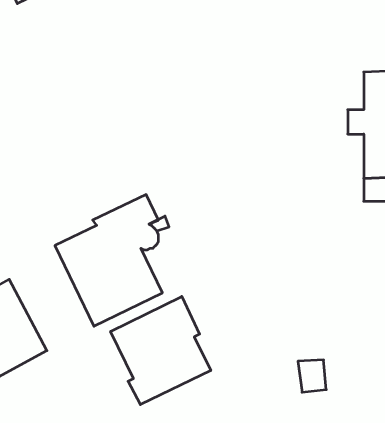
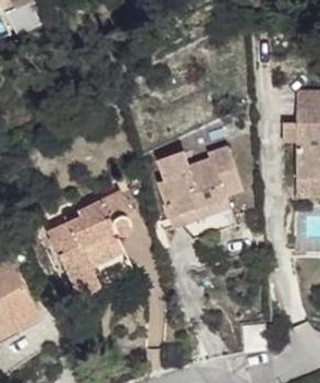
building: none -> [159,146,243,240]
building: [111,296,211,405] -> none

